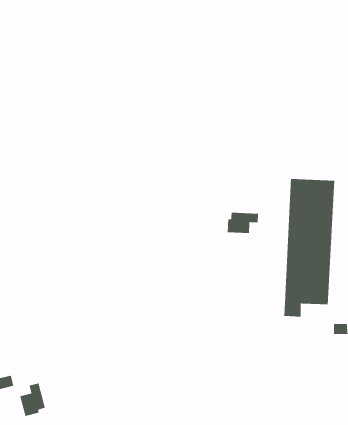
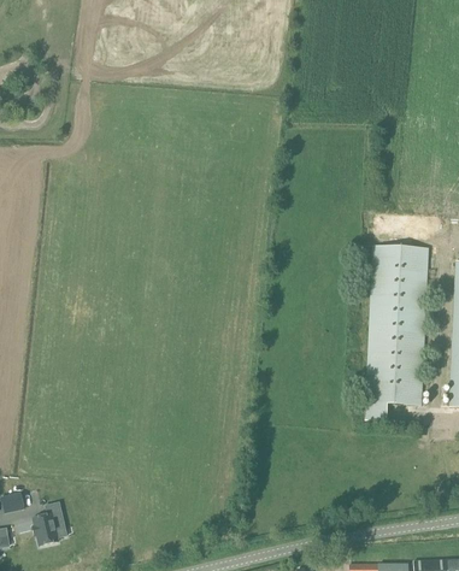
building: [227,212,259,234] -> none

